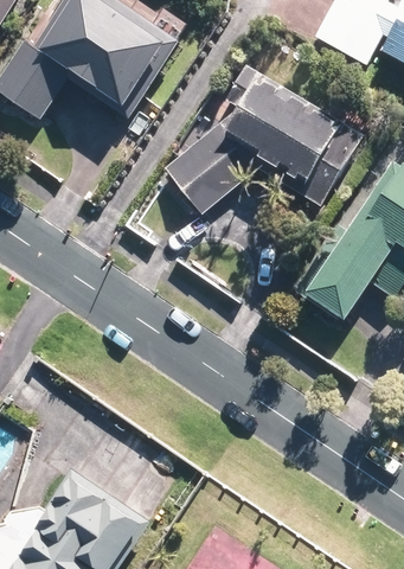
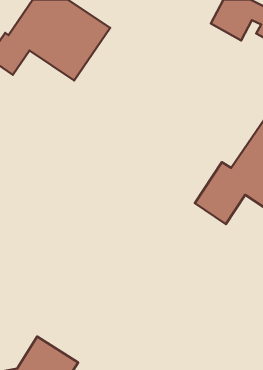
building: [171,77,359,206] -> none

